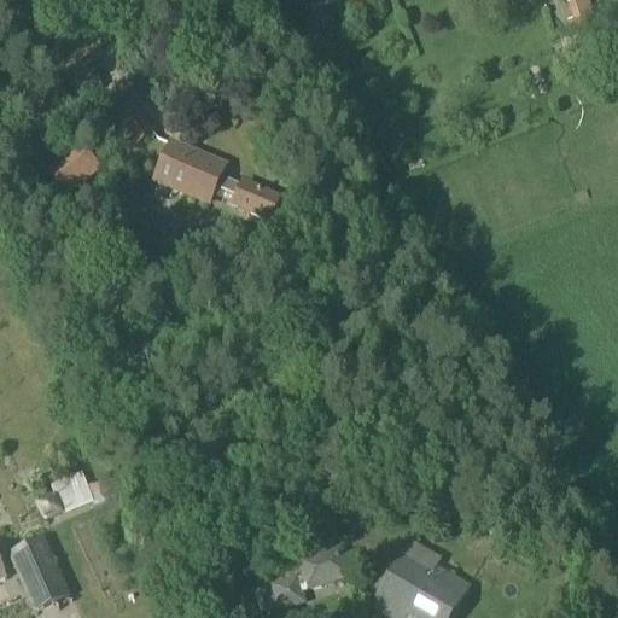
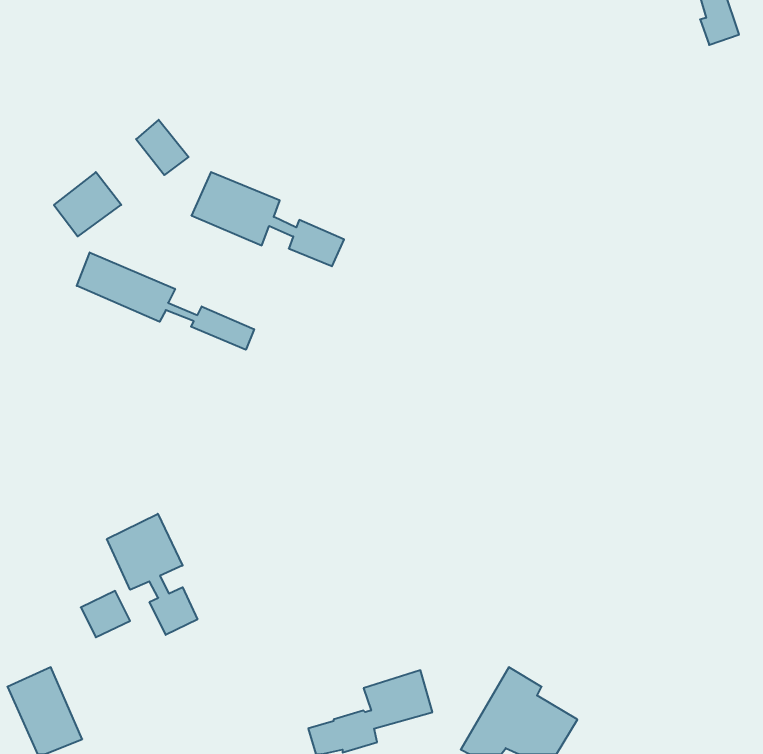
building: none -> [77,252,254,350]
building: none -> [107,514,197,635]

